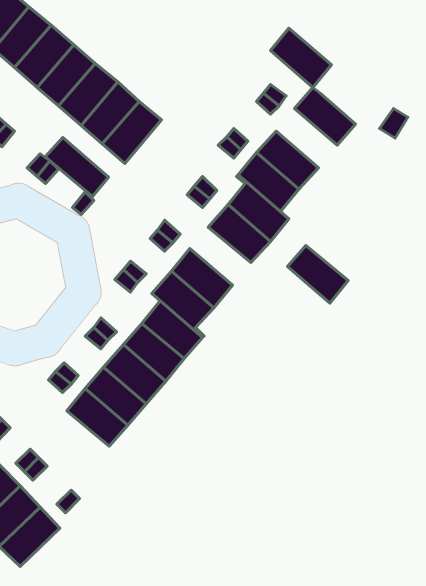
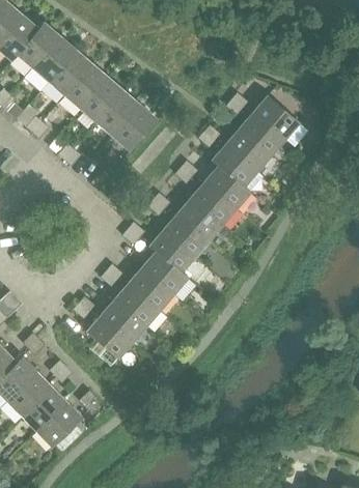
building: [271,28,331,87] -> [240,111,284,154]
building: [45,138,109,196] -> none
building: [287,245,348,303] -> [176,198,221,240]

